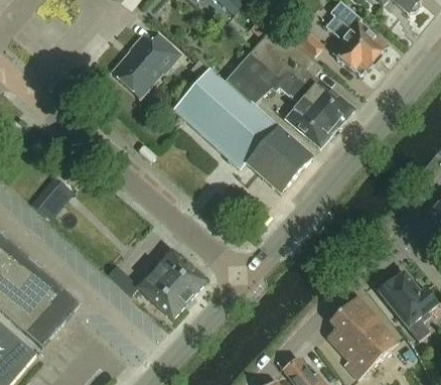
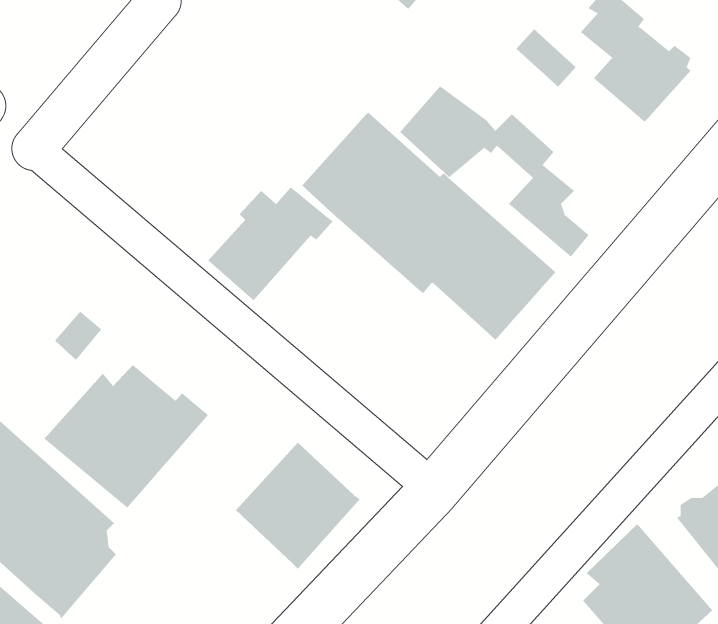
building: [249,27,354,137] -> none
building: [112,34,180,97] -> [208,187,333,301]
building: none -> [43,364,209,508]

